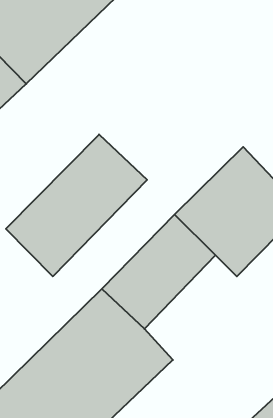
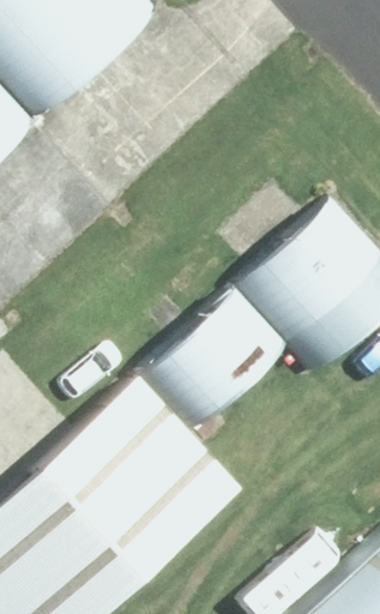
building: [6,134,147,276] -> none

